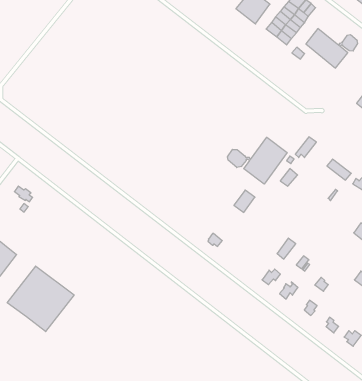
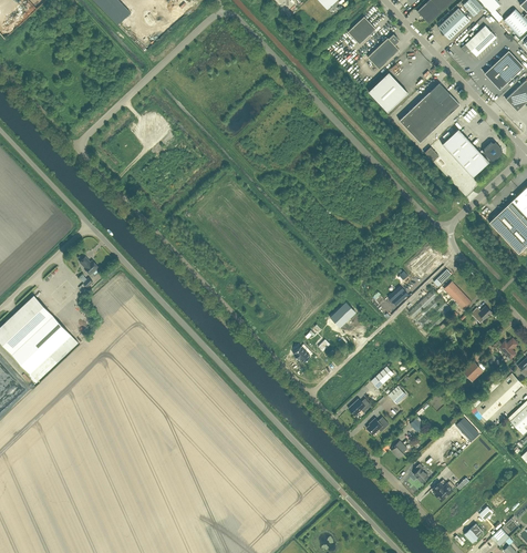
building: [228,137,287,184] -> none
building: [7,266,74,332] -> none

